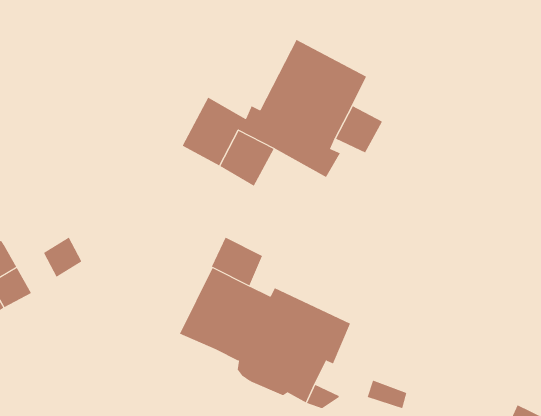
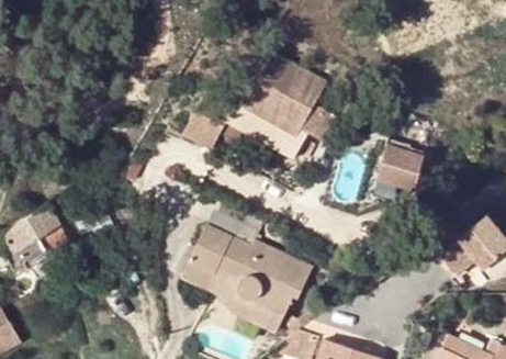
building: none -> [380,145,428,186]

